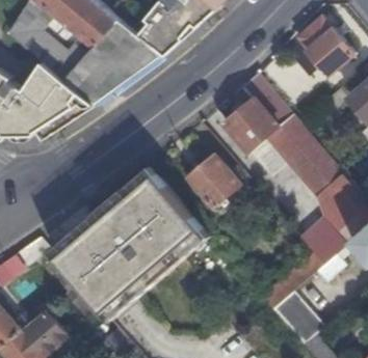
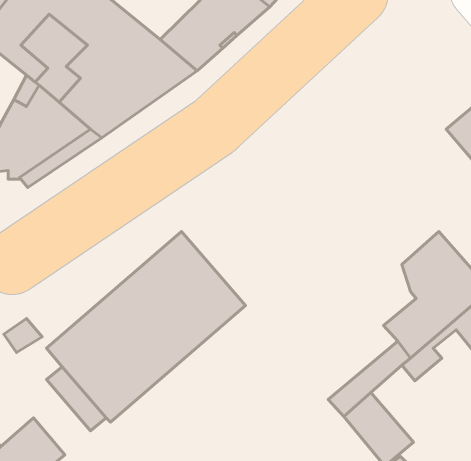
building: [295,13,353,74] -> none
building: [224,78,342,195] -> none
building: [188,154,239,205] -> none

